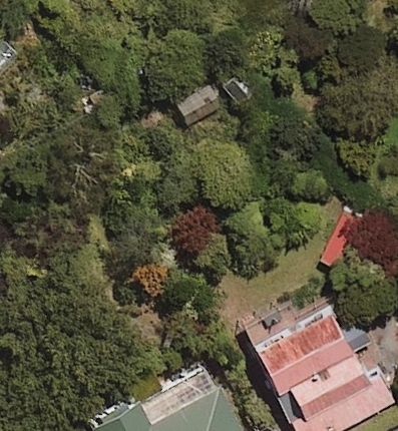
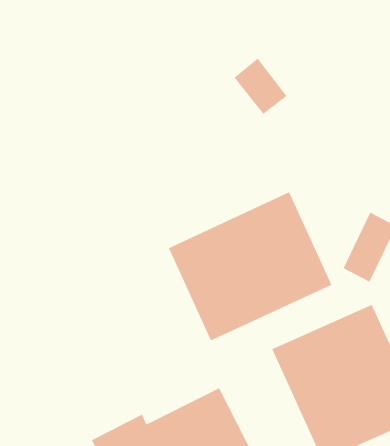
building: none -> [168,191,332,342]

